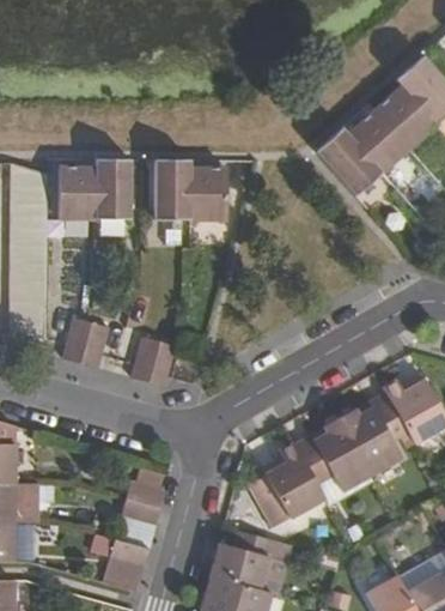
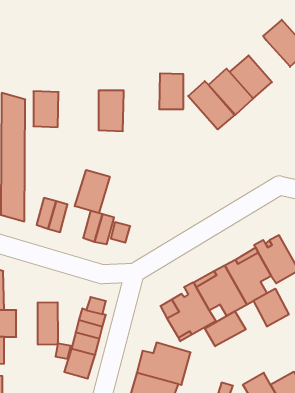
building: [374,86,435,149] -> none
building: none -> [188,81,235,129]
building: [95,159,130,219] -> none
building: [190,163,226,216] -> [159,73,183,109]
building: none -> [75,170,110,213]
building: none -> [253,289,289,327]
building: none -> [38,302,58,345]
building: none -> [205,311,246,346]

